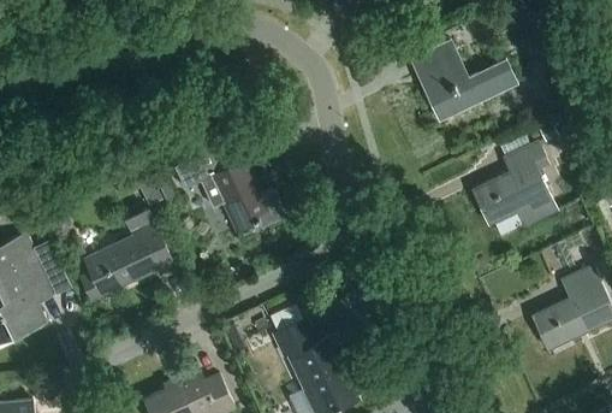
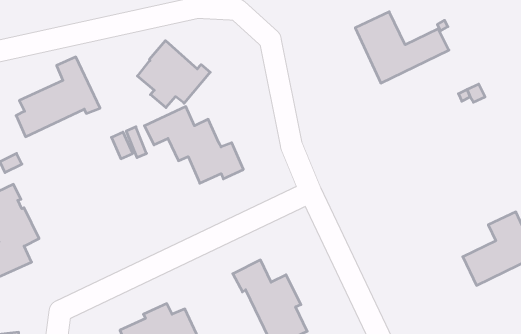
building: none -> [137,41,210,108]
building: [473,141,557,234] -> none
building: [79,211,174,301] -> [16,57,100,137]

